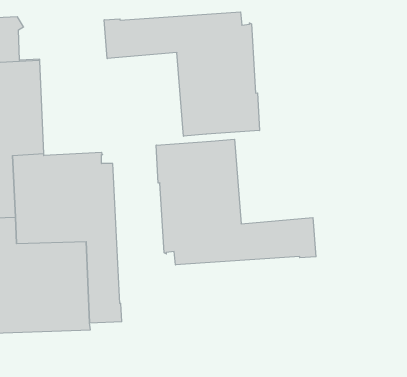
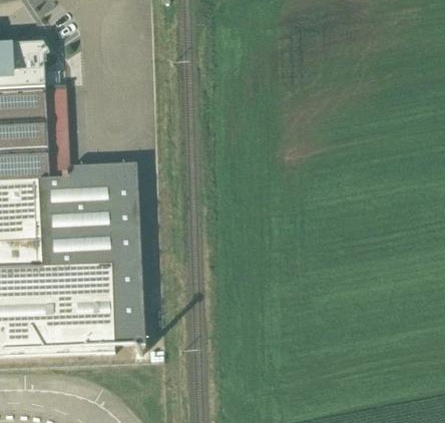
building: [104,12,259,136] -> none
building: [156,139,316,265] -> none

